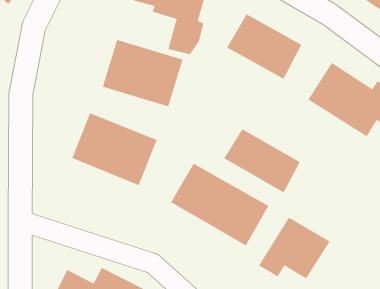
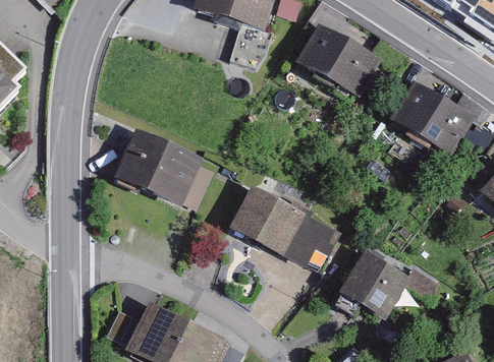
building: [102,39,183,107] -> none
building: [224,128,300,193] -> none

